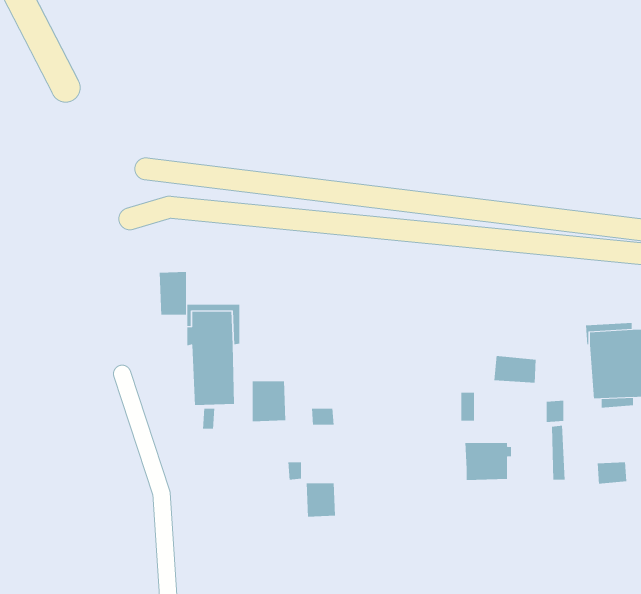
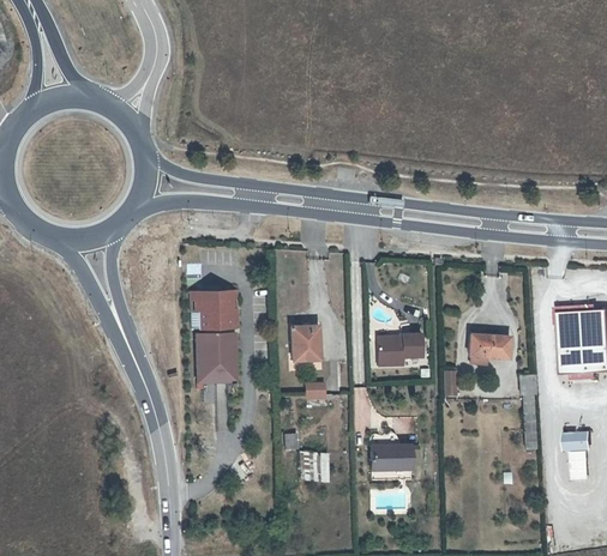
building: [159,271,186,316] -> none
building: none -> [379,334,426,367]
building: [252,381,286,422] -> [289,325,320,362]
building: [465,443,512,481] -> [373,446,416,481]

